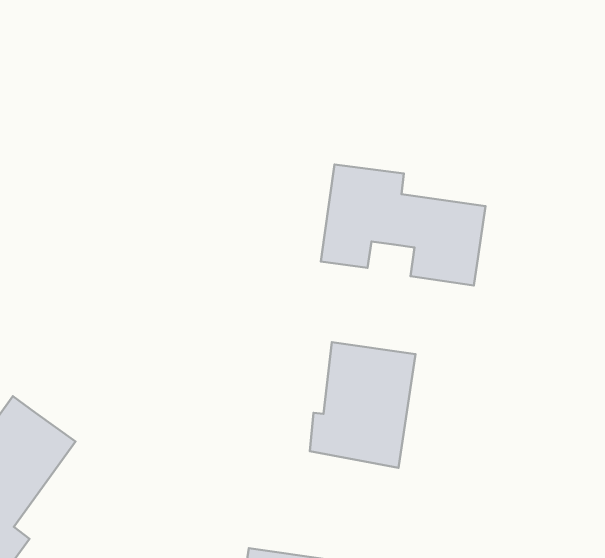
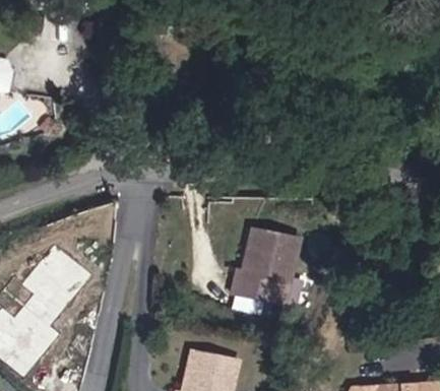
building: [321,164,486,285] -> none

